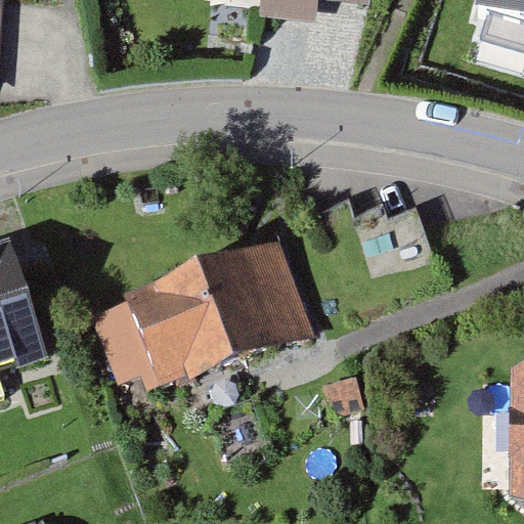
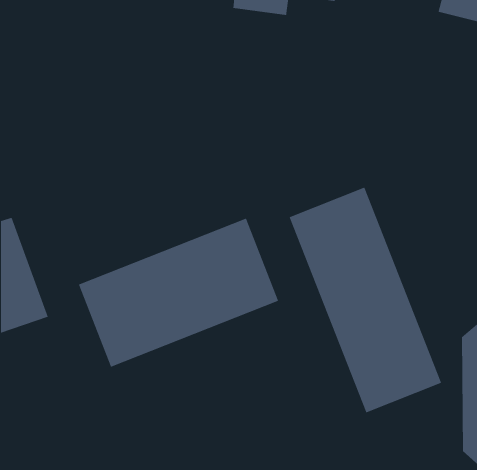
building: none -> [288,187,442,414]

